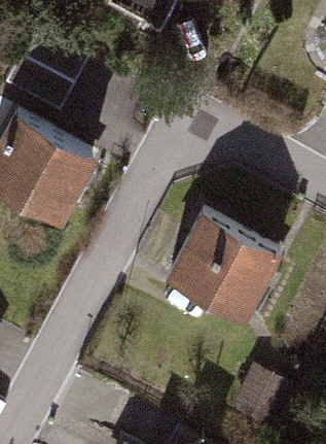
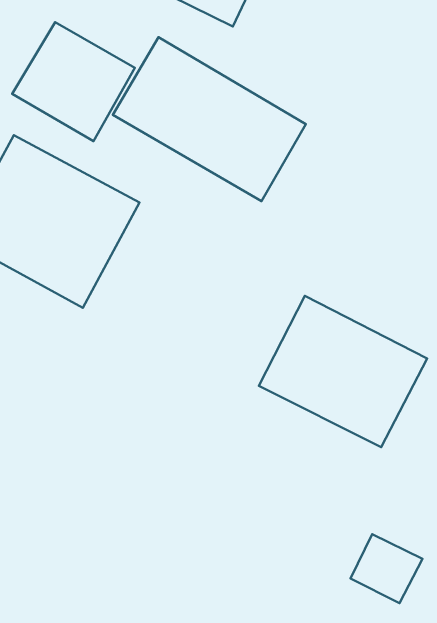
building: none -> [113,37,306,201]

